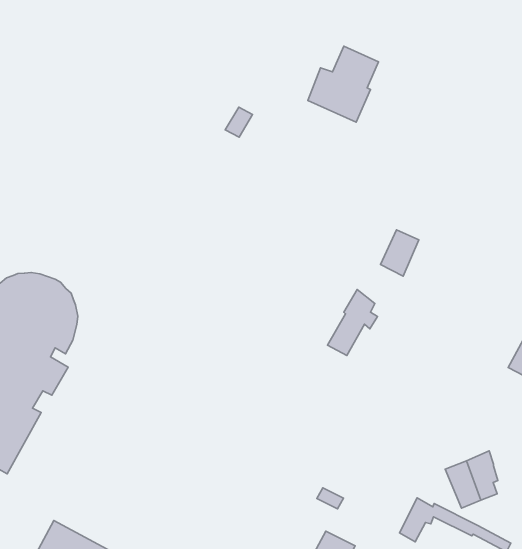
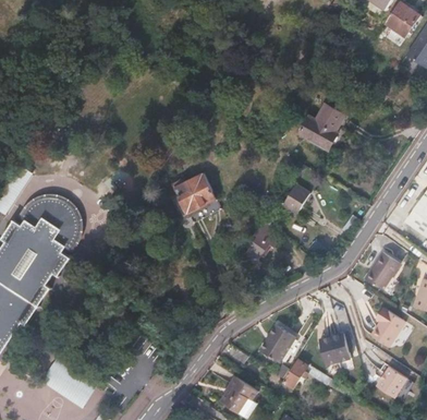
building: [308,46,379,122] -> [300,100,347,151]
building: none -> [174,172,223,223]
building: none -> [261,326,295,361]

